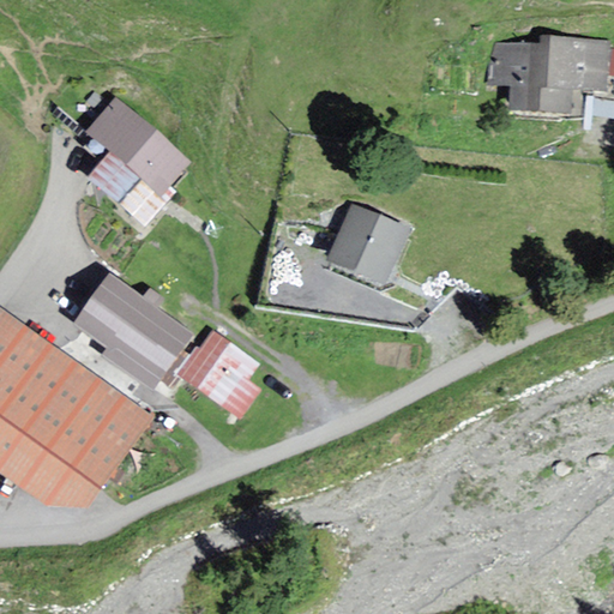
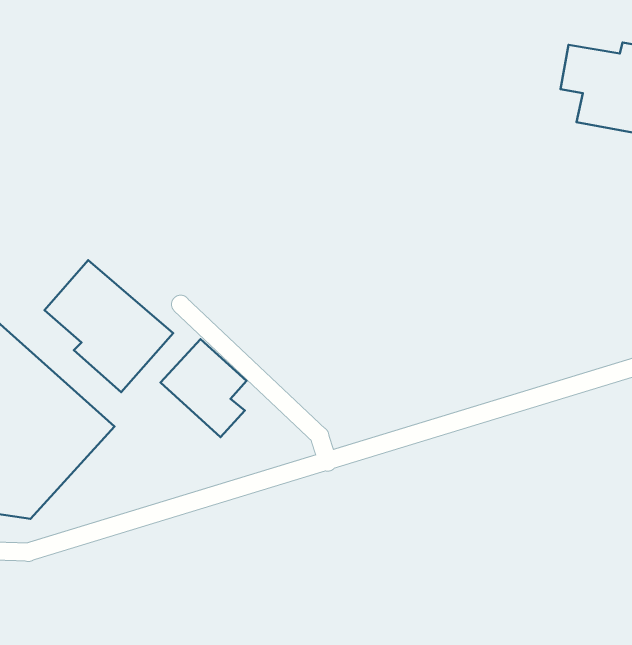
building: [88,102,183,225] -> none
building: [329,209,404,285] -> none

